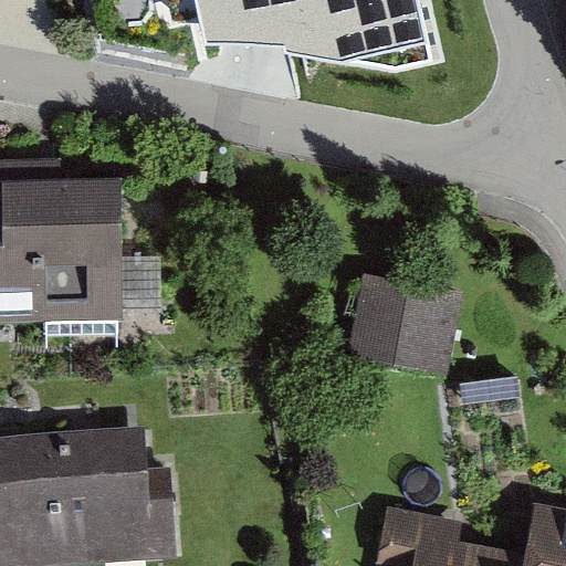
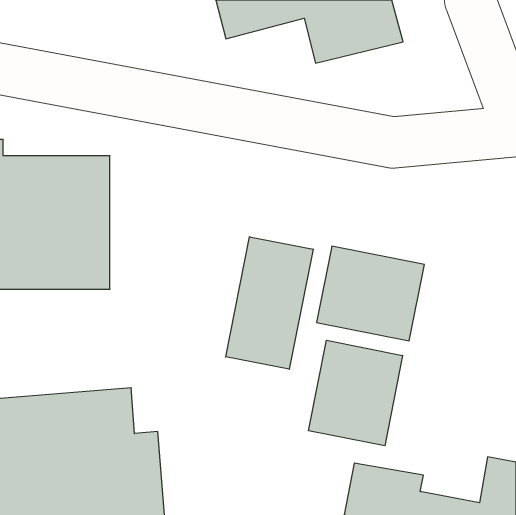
building: none -> [226,237,313,369]
building: none -> [309,340,403,446]

